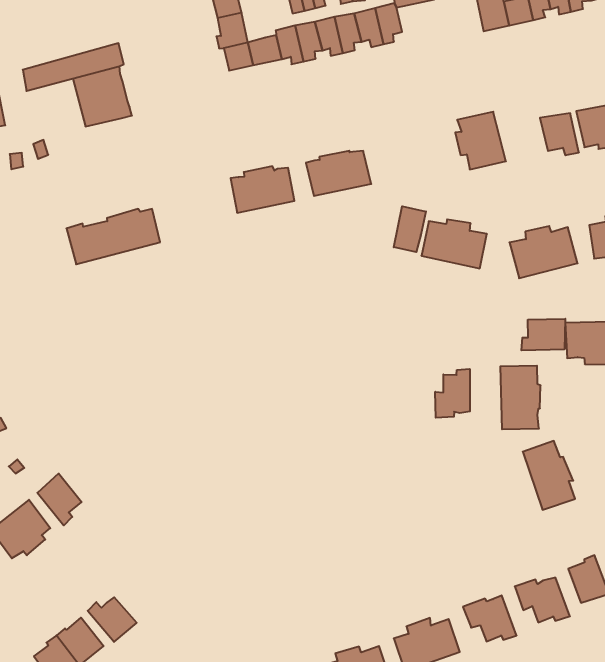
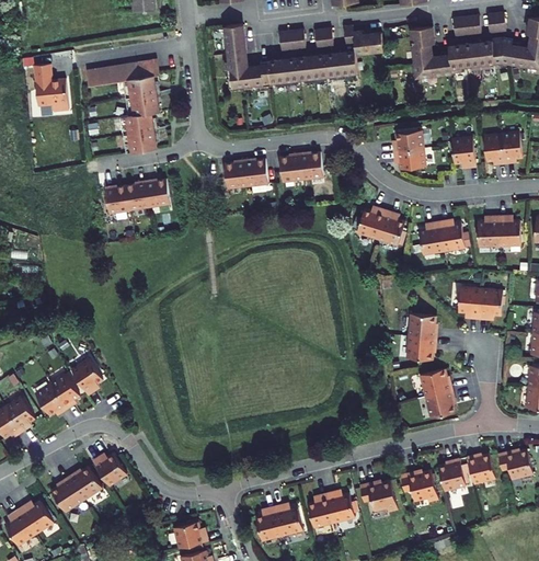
building: none -> [121,112,158,152]
building: [394,206,426,252] -> none
building: [521,319,565,350] -> none
building: [435,369,470,418] -> none

